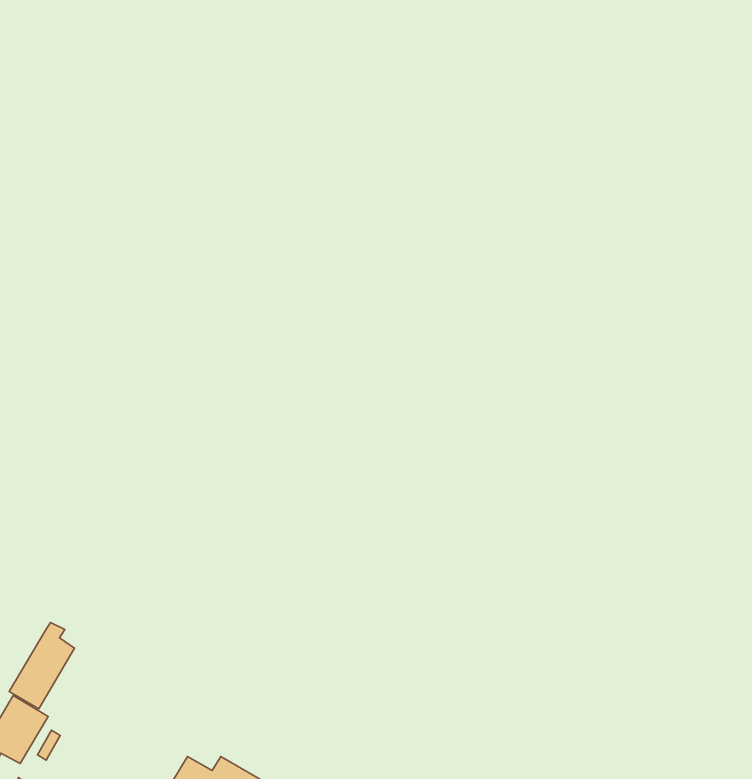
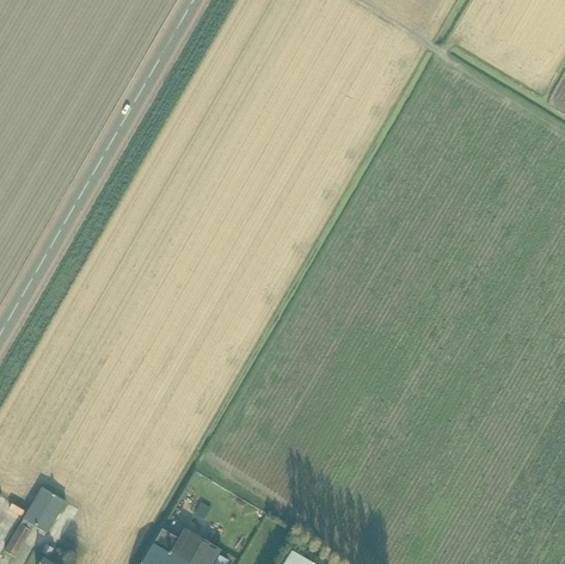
building: [9,622,75,709] -> none

